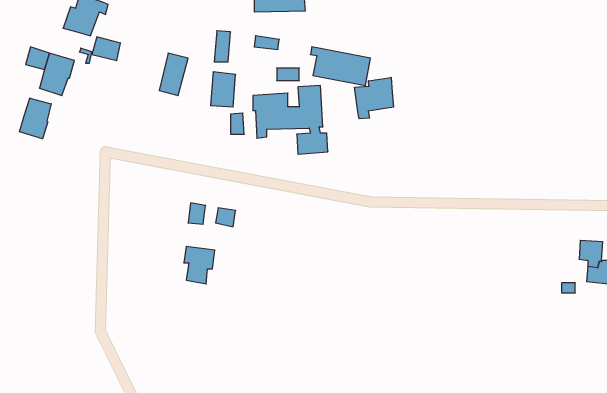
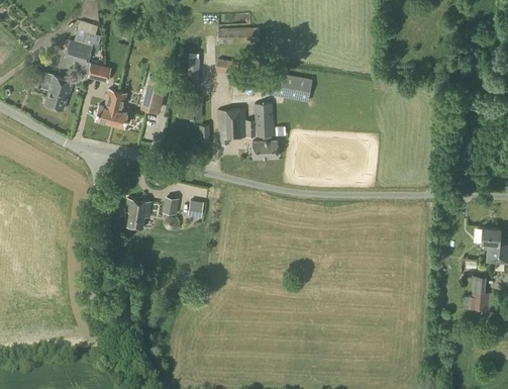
building: none -> [94,88,127,125]
building: [355,77,393,119] -> none
building: [19,98,51,139] -> none
building: [184,246,215,284] -> [125,199,150,229]
building: none -> [464,276,494,310]

